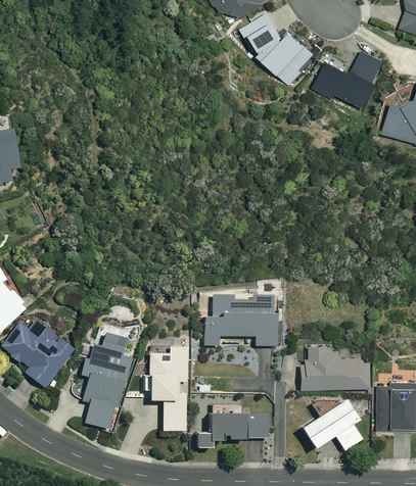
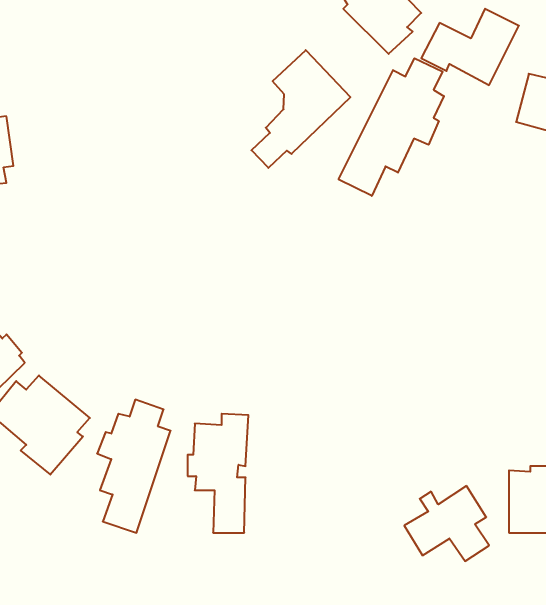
building: none -> [251,50,350,168]
building: none -> [339,58,444,196]
building: [204,295,275,347] -> none
building: [302,349,368,390] -> none
building: [195,404,269,447] -> none

